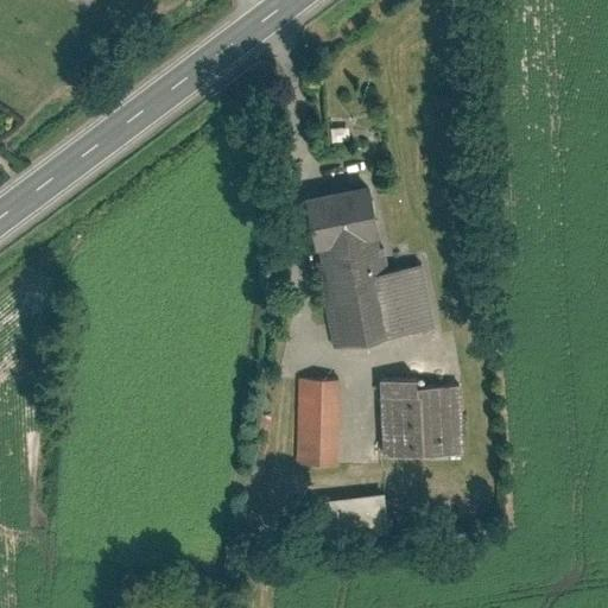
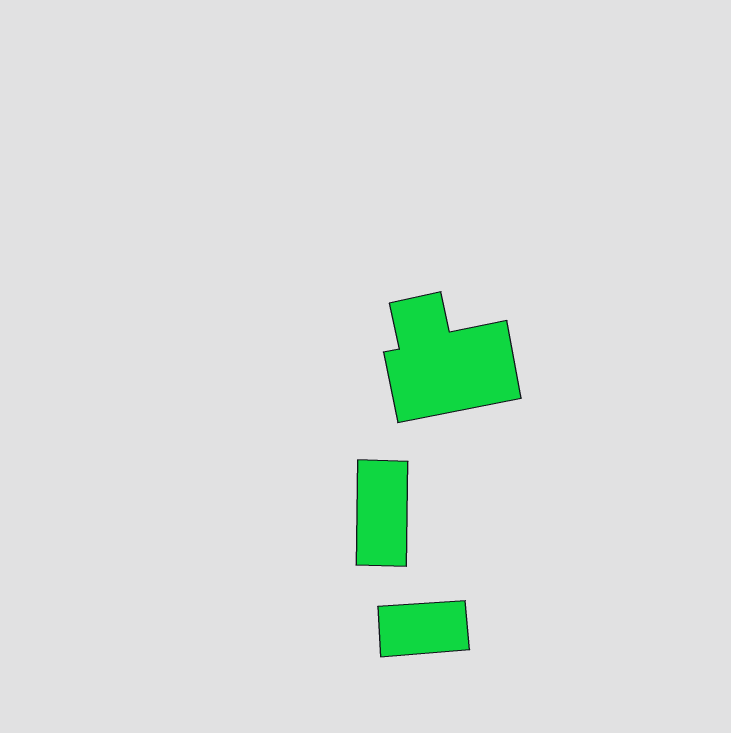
building: [303,186,378,253] -> none
building: [380,381,466,457] -> none

